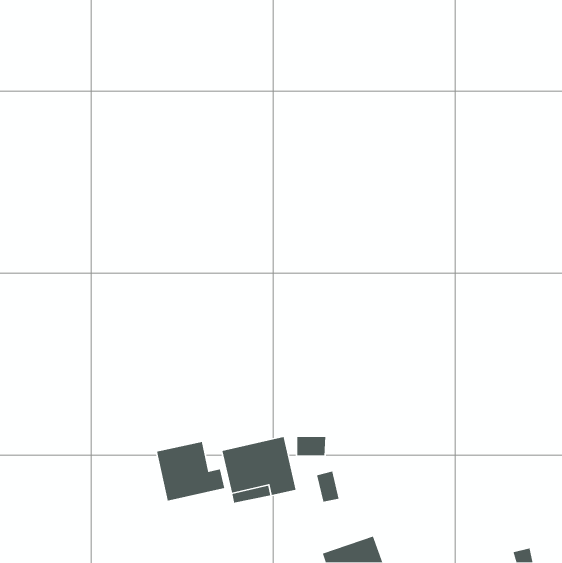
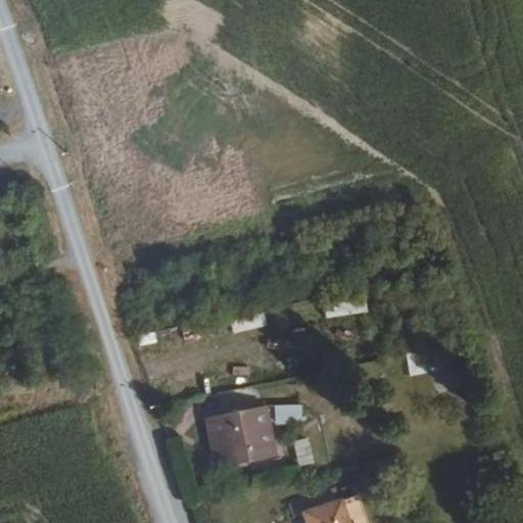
building: [156,441,225,502] -> none

